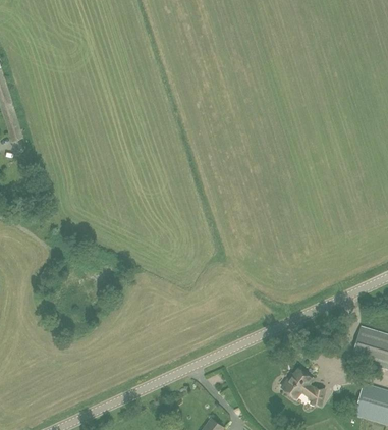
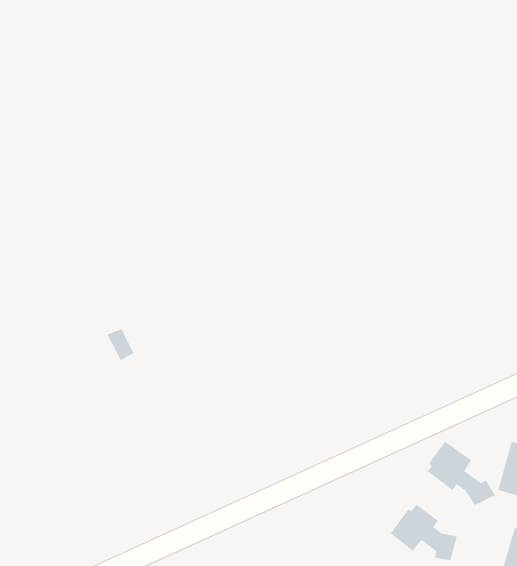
building: none -> [427,441,496,506]

